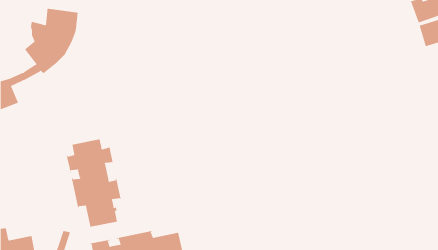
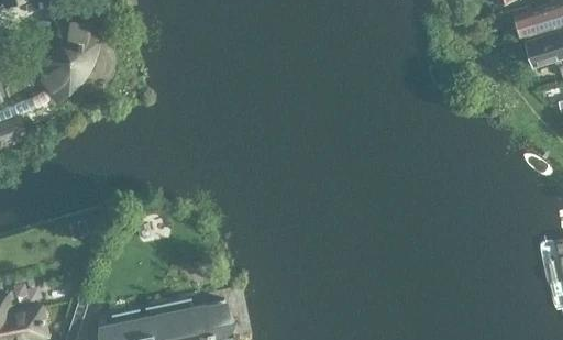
building: [66,138,121,228] -> none

